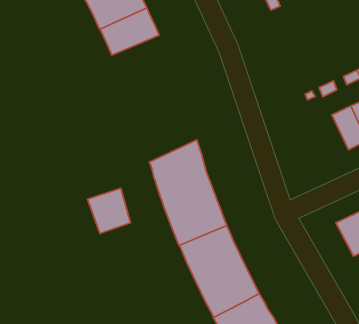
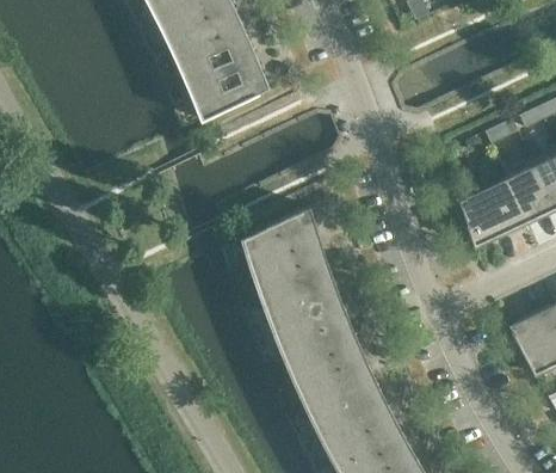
building: none -> [187,56,268,119]
building: none -> [457,171,526,247]
building: [88,188,131,234] -> none

